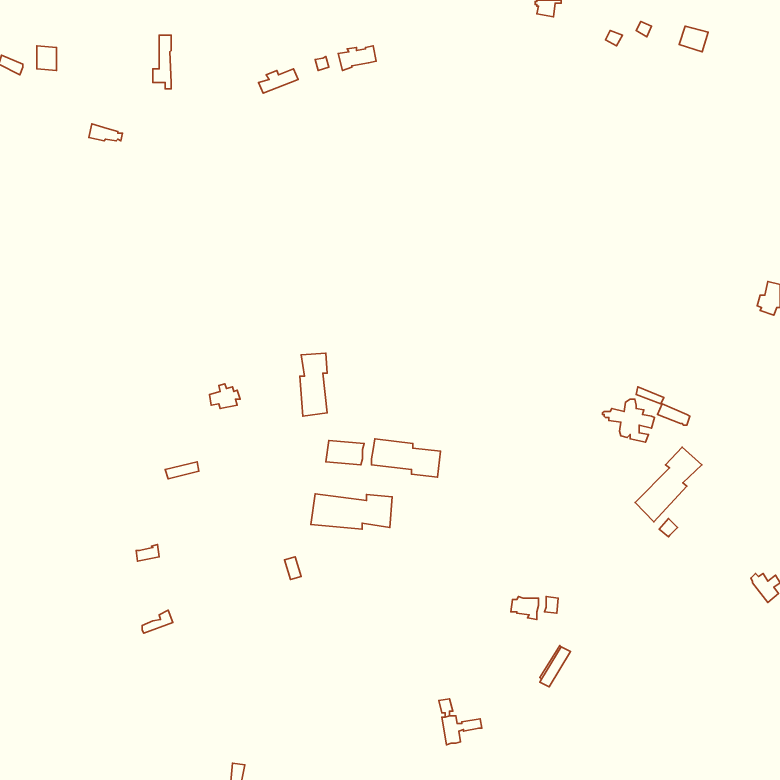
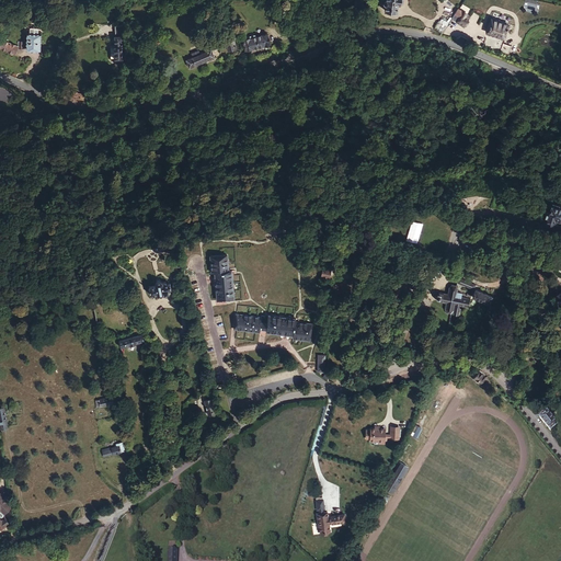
building: [635,447,702,522] -> none
building: [311,494,392,529] -> none

